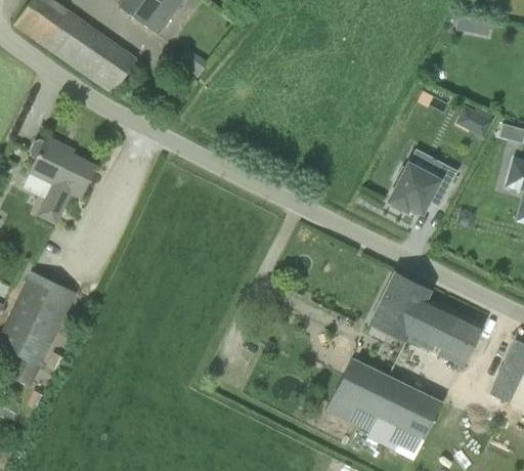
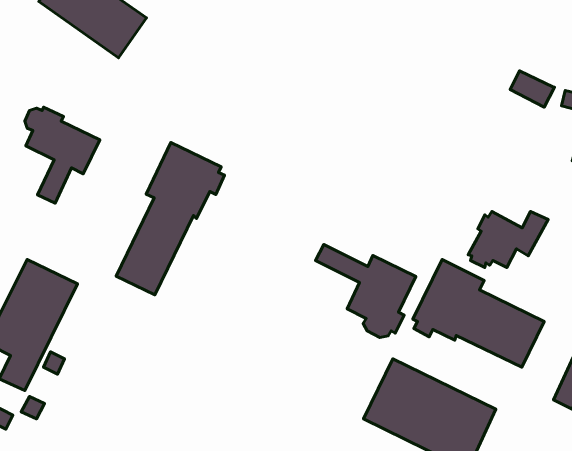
building: [388,163,457,212] -> [468,211,548,268]
building: none -> [116,142,225,295]
building: none -> [316,244,416,337]

